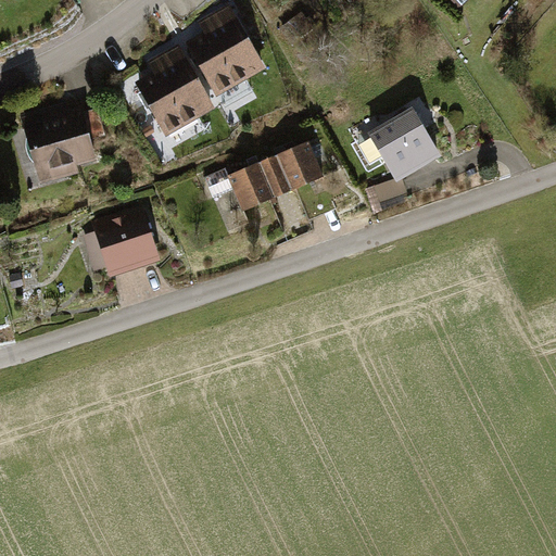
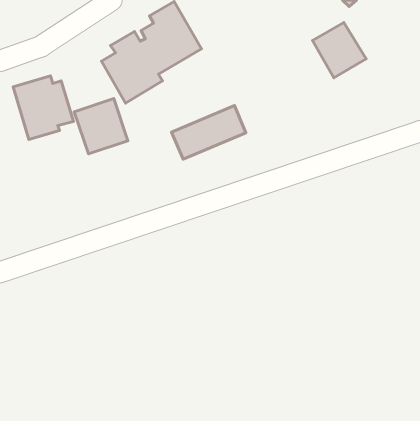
building: [368,109,439,181] -> [312,22,366,78]
building: [90,204,161,277] -> [74,99,128,154]

